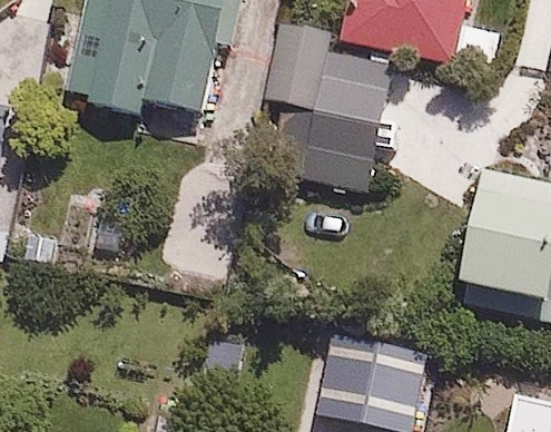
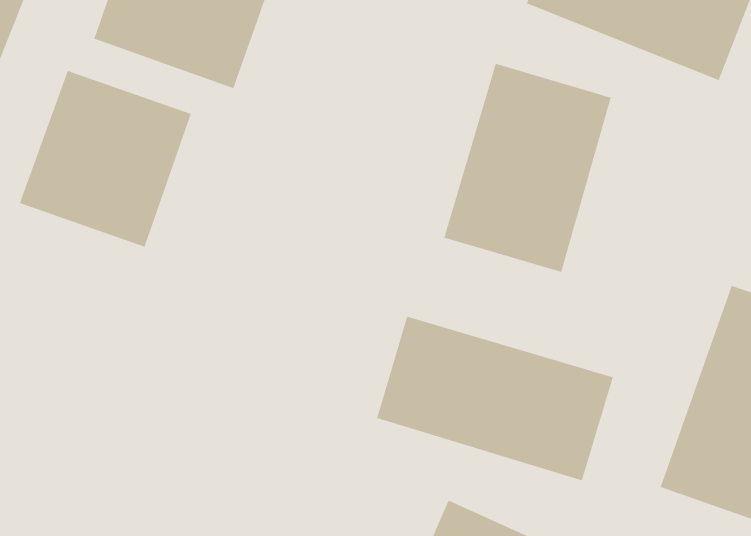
building: none -> [19,70,192,248]
building: none -> [376,316,613,481]

